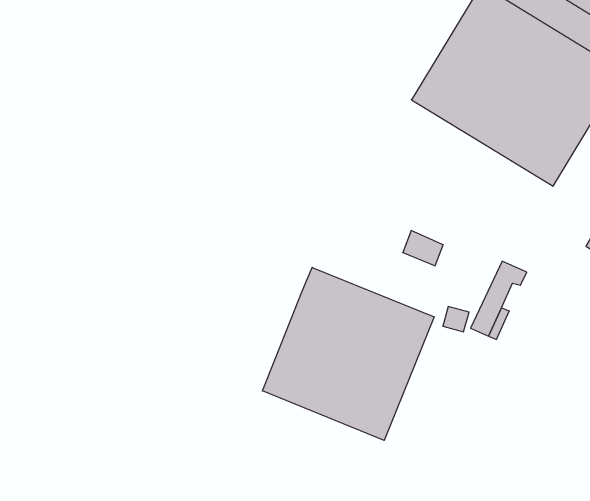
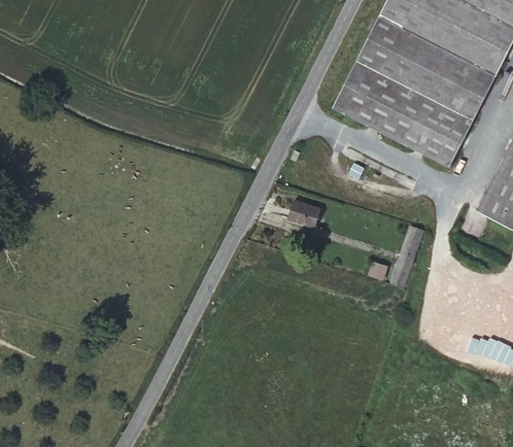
building: [403,231,443,266] -> [289,201,320,227]
building: [262,267,434,440] -> none

